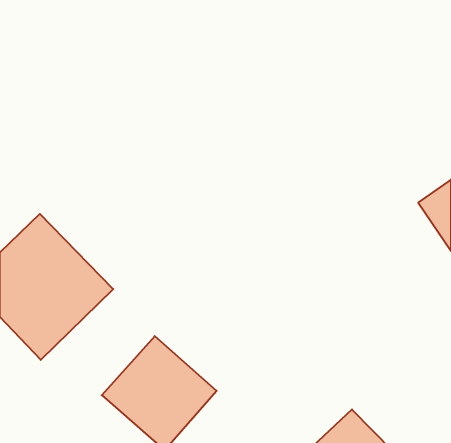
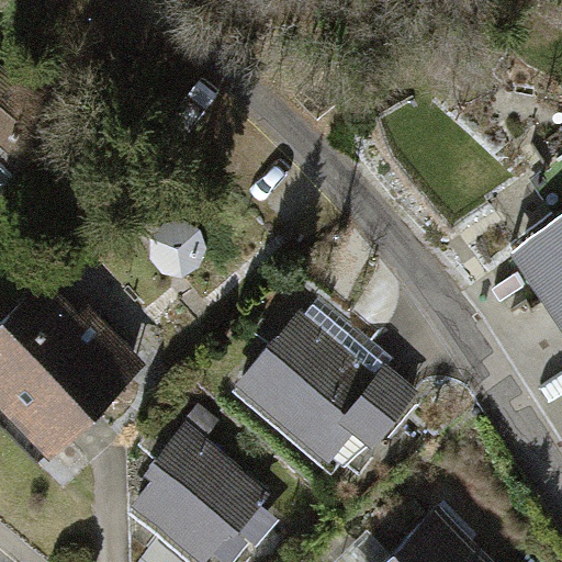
building: none -> [238,313,417,461]

